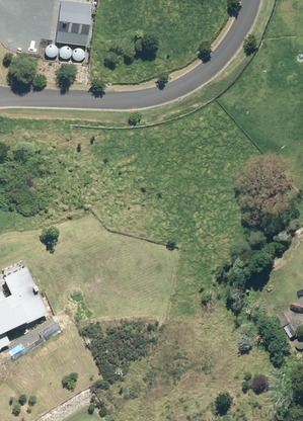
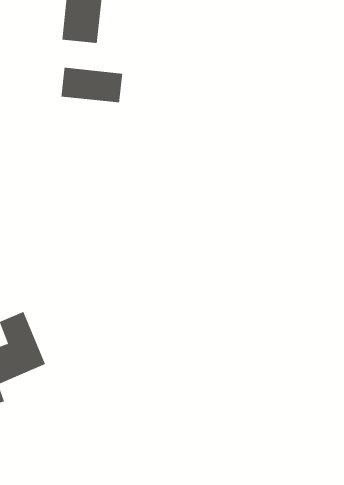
building: none -> [61,67,123,103]

